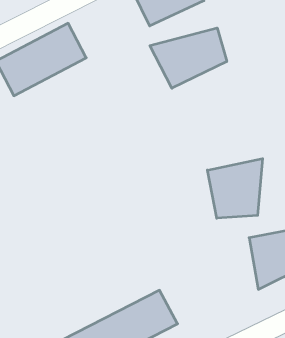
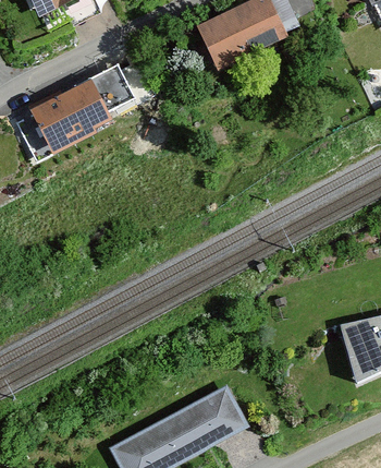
building: [150,28,227,88] -> none
building: [207,159,263,218] -> none

